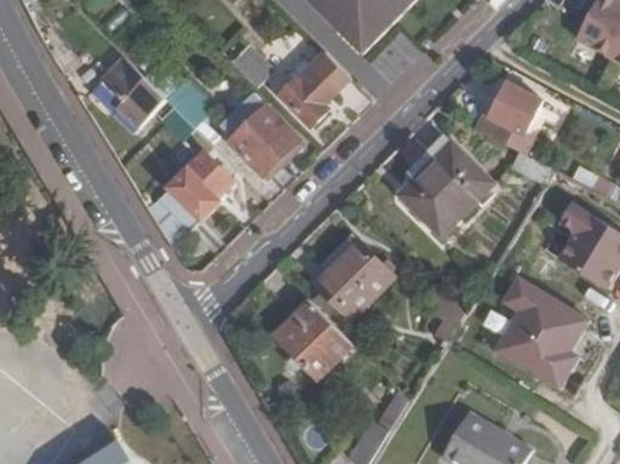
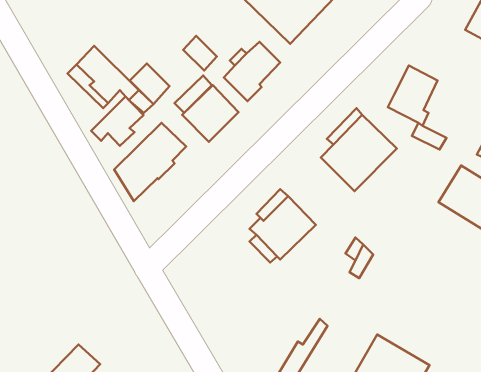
building: none -> [91,97,143,146]
building: [478,276,586,388] -> none
building: [274,299,354,379] -> none

